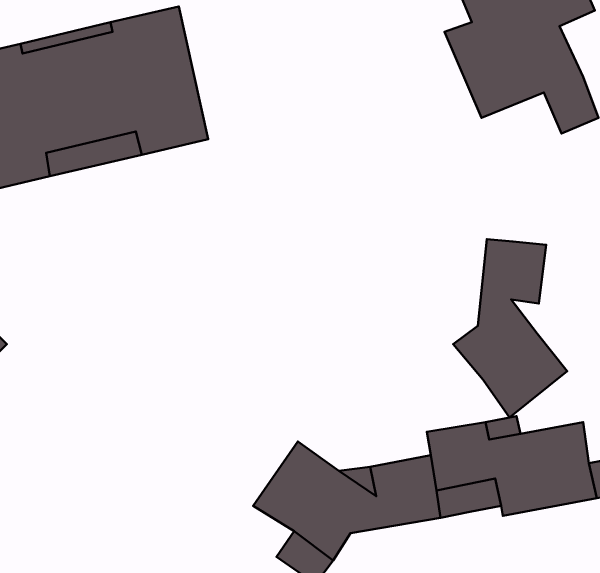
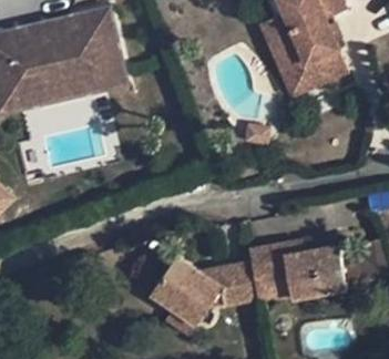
building: none -> [280,58,326,95]
building: [453,239,567,418] -> none

